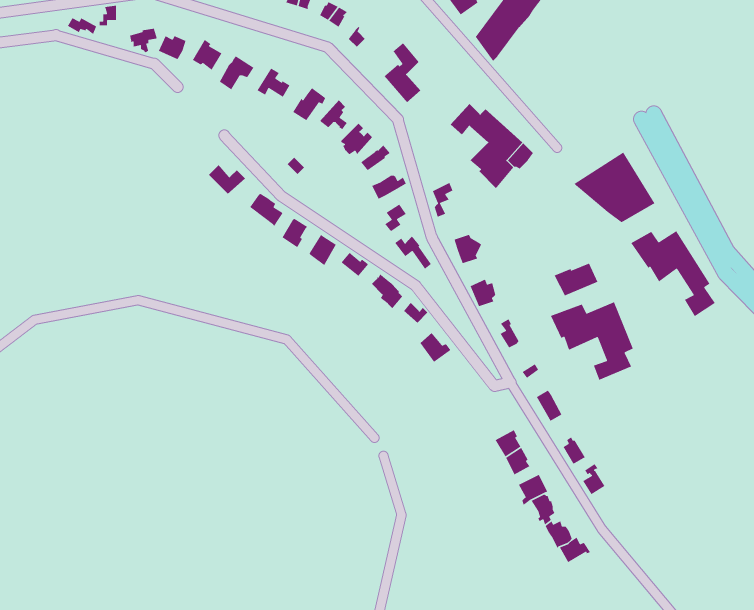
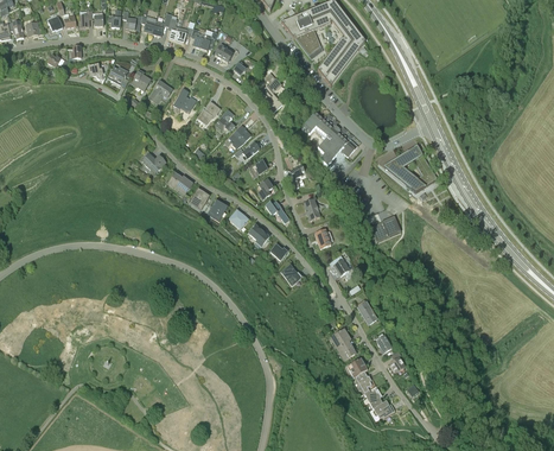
building: [630,230,716,317] -> none
building: [550,301,634,381] -> none

